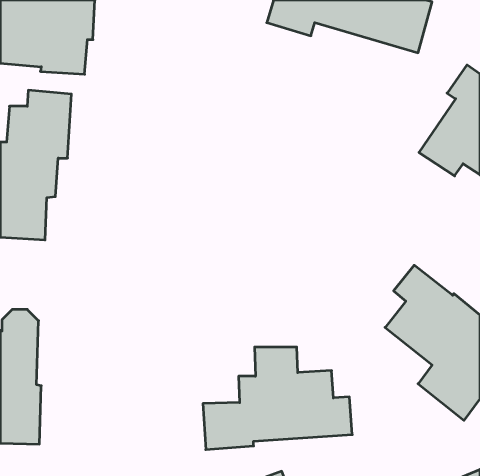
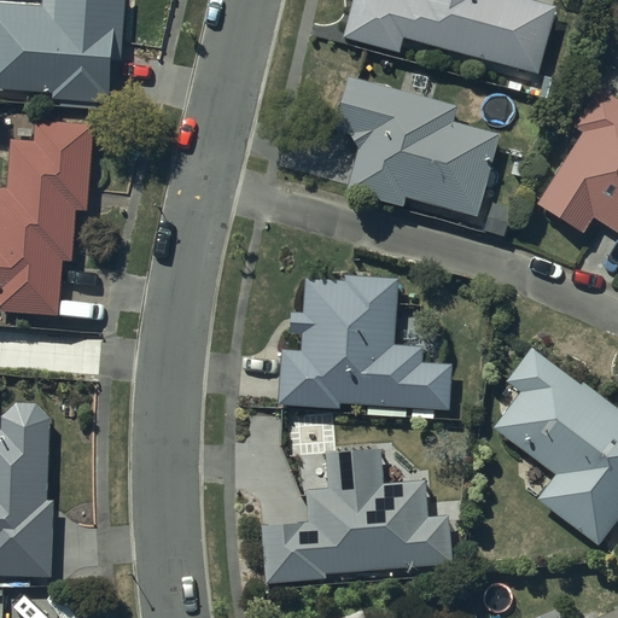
building: none -> [336,77,499,215]
building: none -> [279,274,451,408]

